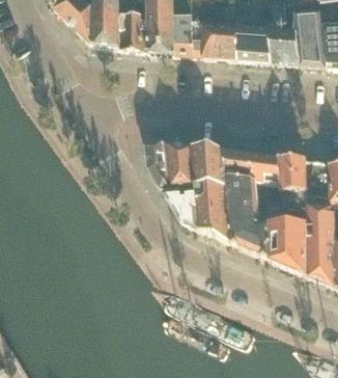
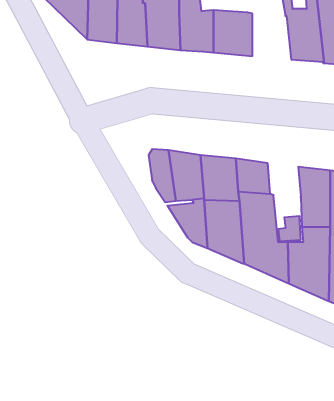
building: [238,21,273,61] -> none
building: [252,153,281,183] -> none

